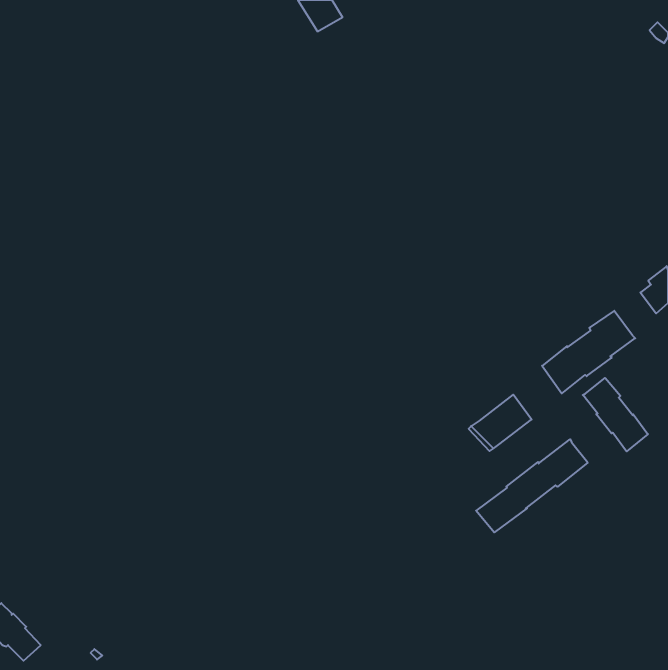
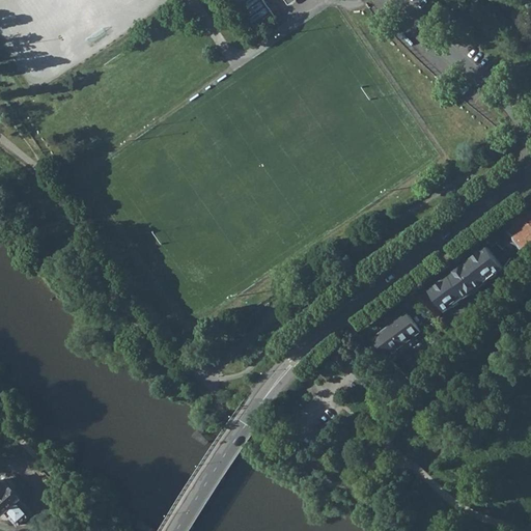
building: [583,378,648,451] -> none
building: [476,439,588,532] -> none

